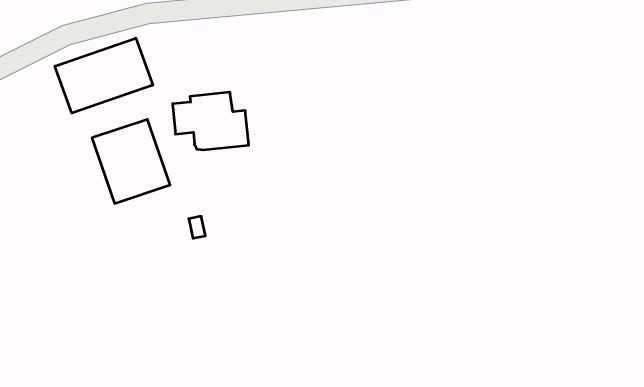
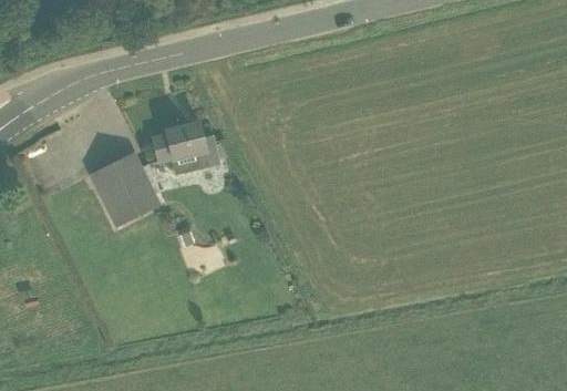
building: [55,38,153,113] -> none

